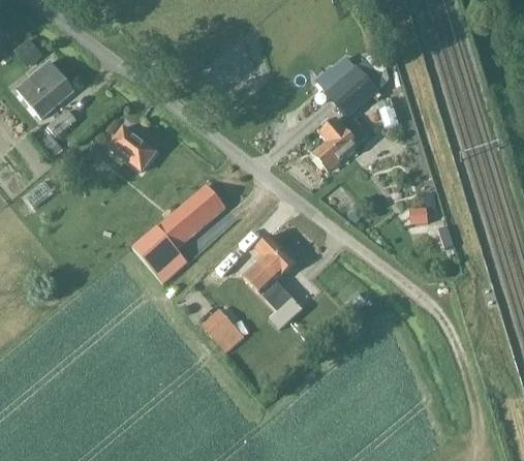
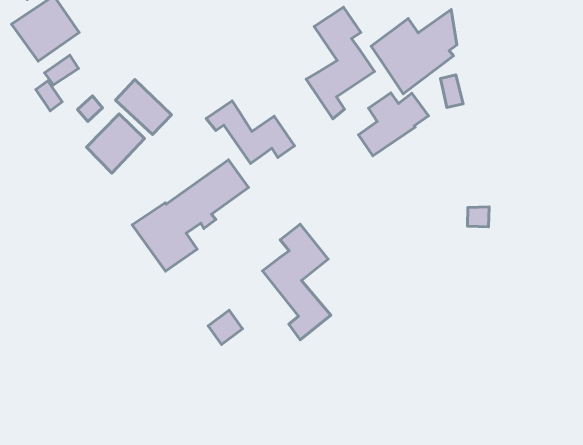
building: none -> [306,7,374,119]
building: none -> [206,101,294,164]
building: none -> [86,114,145,173]

